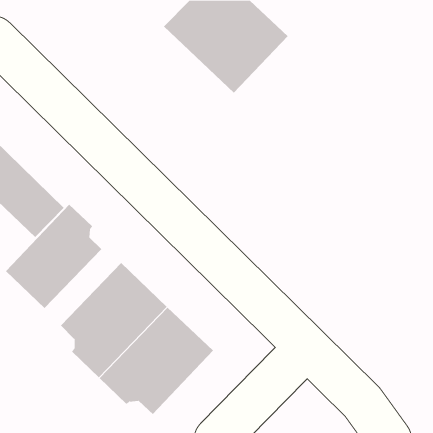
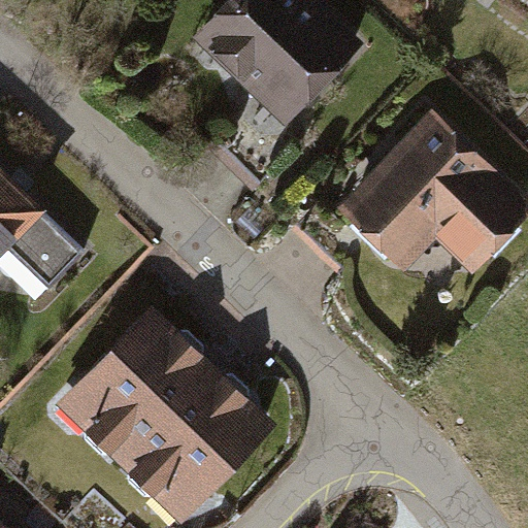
building: none -> [345,128,516,263]
building: [5,204,102,309] -> none

